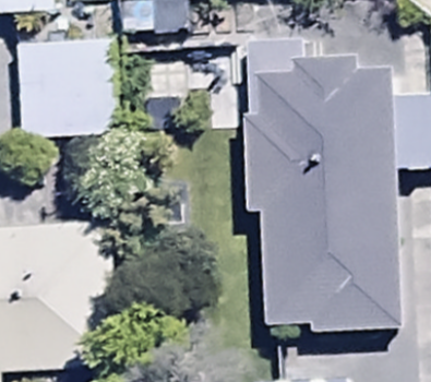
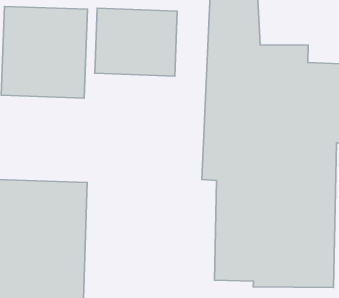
building: none -> [95,8,177,76]

